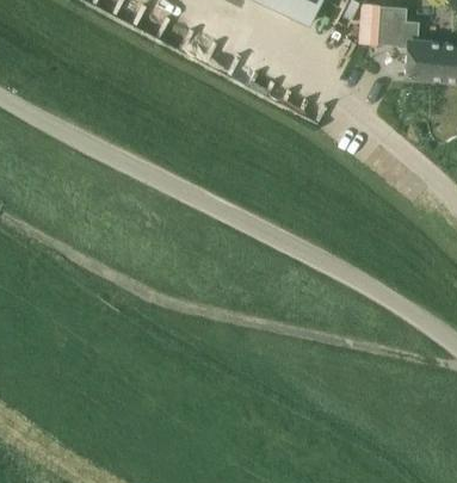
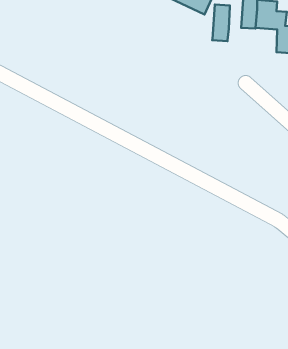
building: none -> [212,4,230,41]

